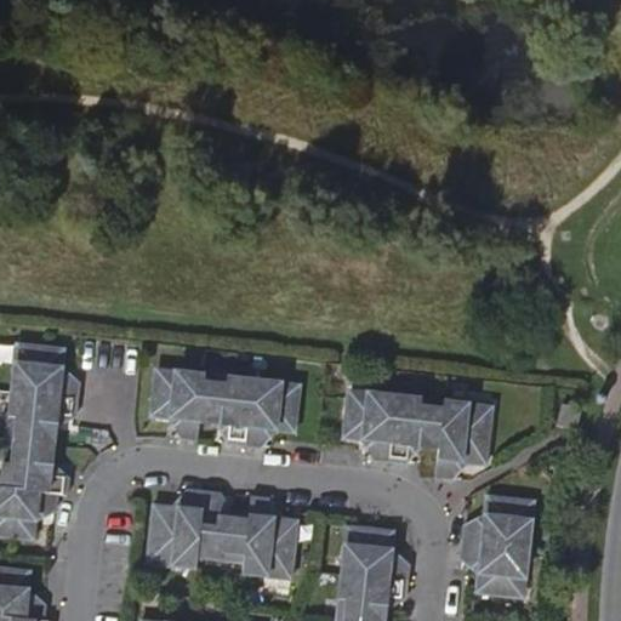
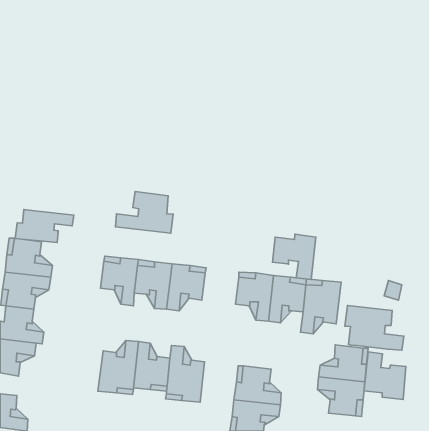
building: none -> [115,192,173,233]
building: none -> [15,210,74,242]
building: none -> [272,234,316,279]
building: none -> [345,306,404,350]
building: none -> [364,352,406,400]

